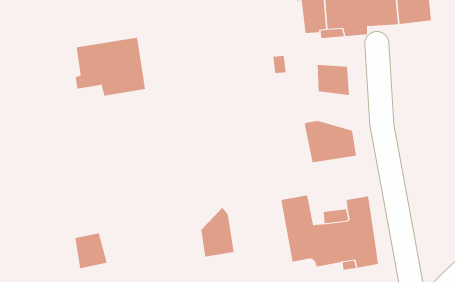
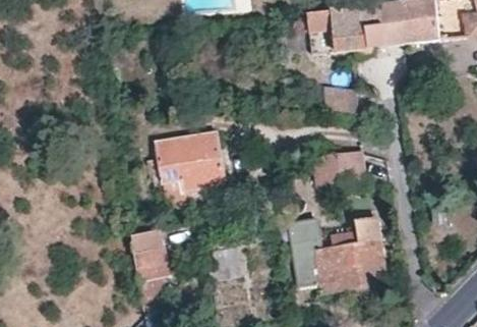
building: [75,37,146,96] -> [153,130,225,190]
building: [75,233,108,269] -> [134,246,168,282]

